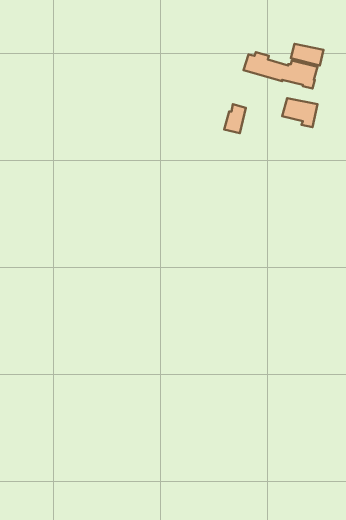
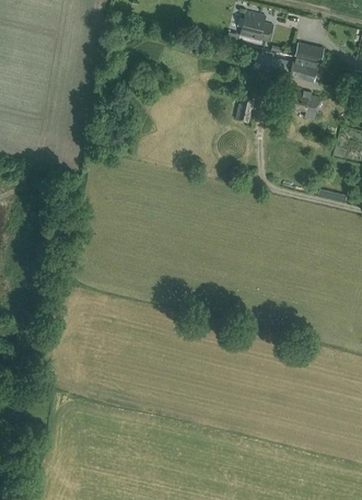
building: none -> [241,10,275,40]

